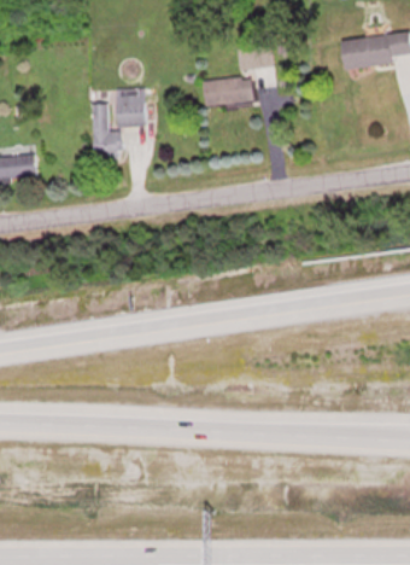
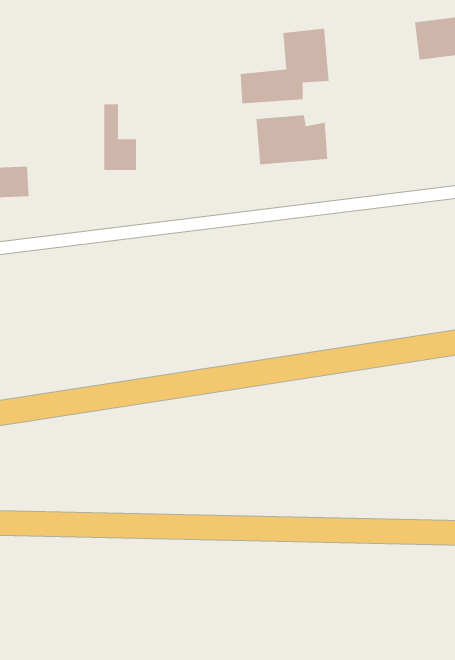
building: [117,88,143,126] -> none
building: none -> [256,114,328,165]

